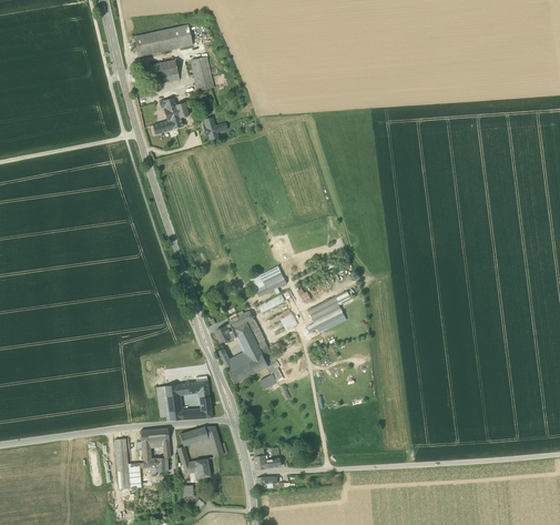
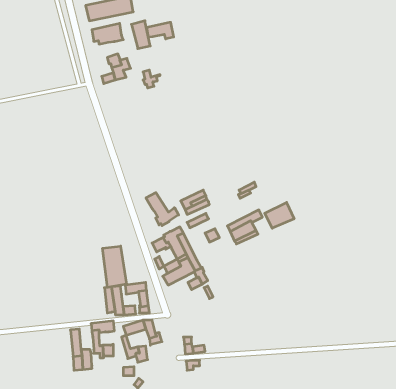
building: none -> [147,22,174,39]
building: none -> [146,193,179,226]
building: none -> [265,202,294,228]
building: none -> [103,246,126,287]

